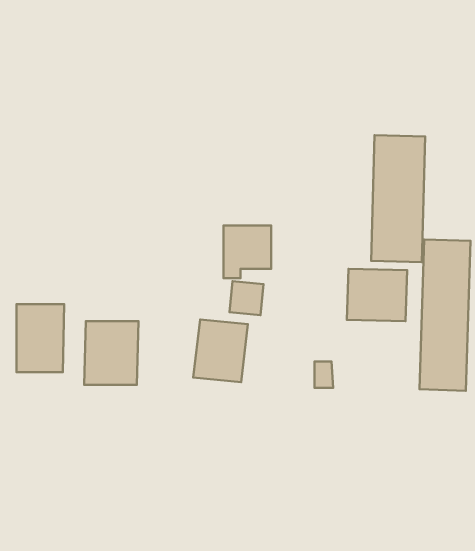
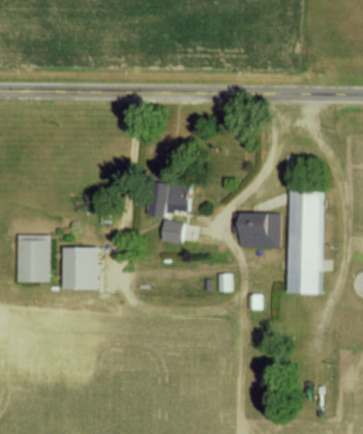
building: [371,135,425,262] -> none
building: [193,320,248,382] -> none

